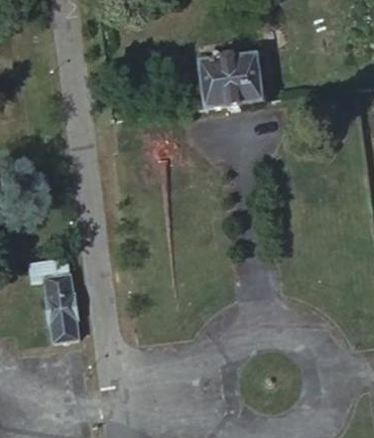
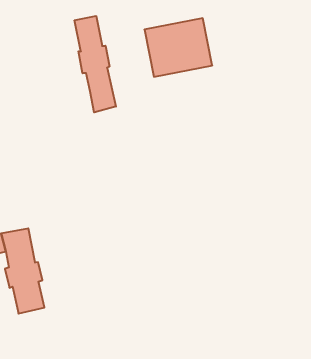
building: none -> [75,16,116,112]

